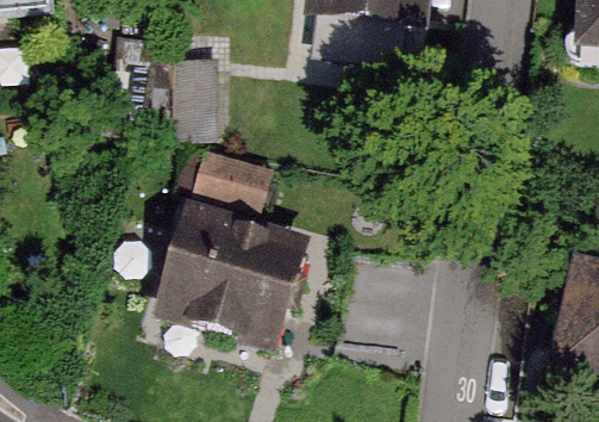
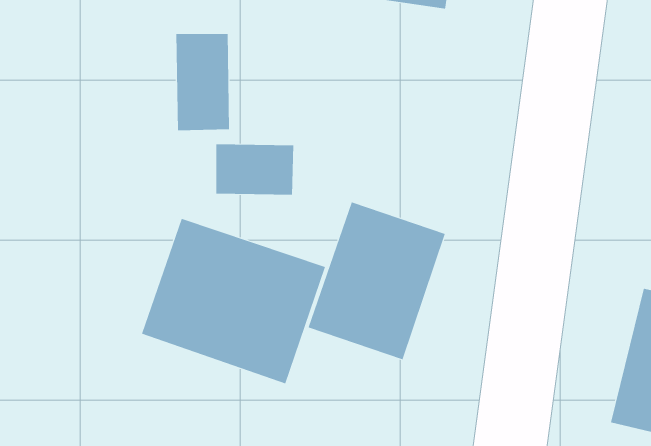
building: none -> [308,202,446,360]

